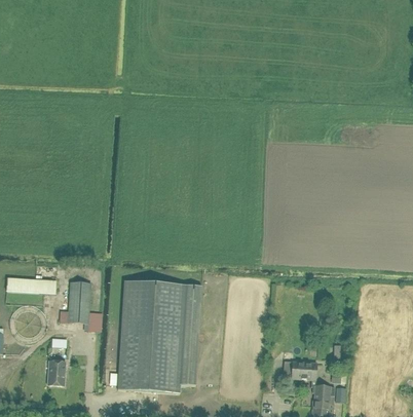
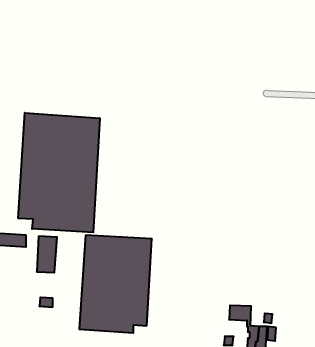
building: none -> [18,113,100,232]
building: [46,361,65,385] -> none

